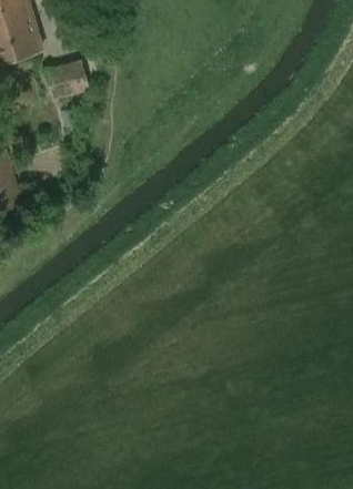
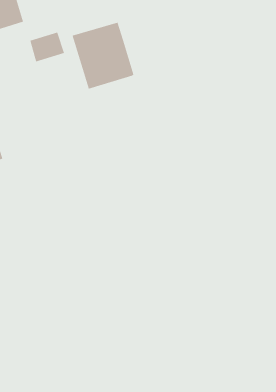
building: none -> [72,22,134,89]

